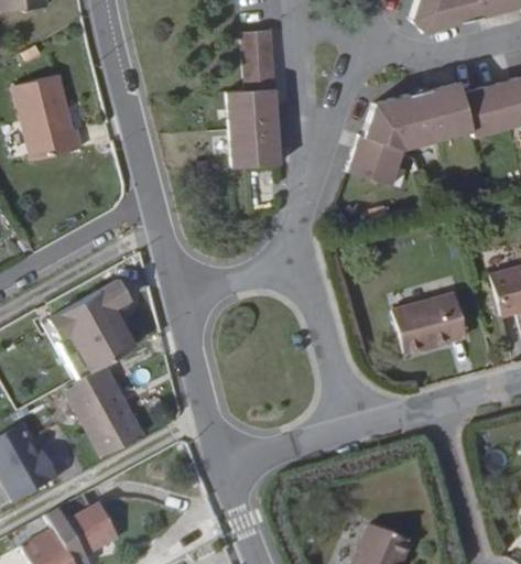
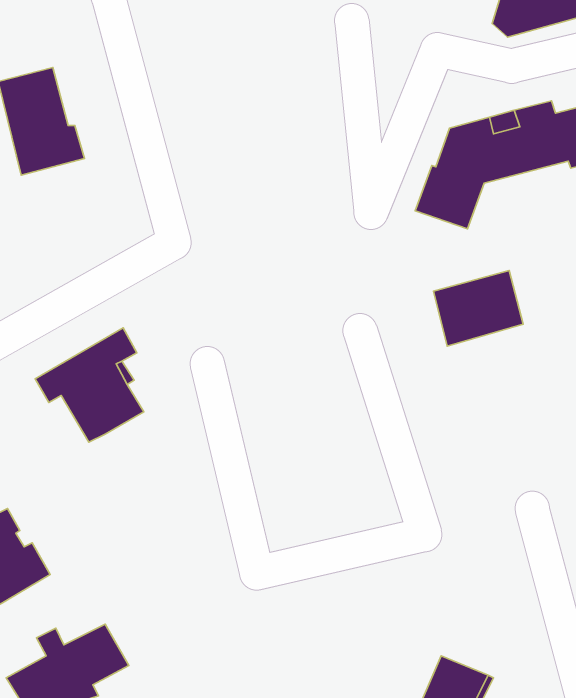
building: [228,32,281,169] -> none
building: [393,294,465,355] -> [433,271,523,346]
building: [57,350,145,457] -> none

